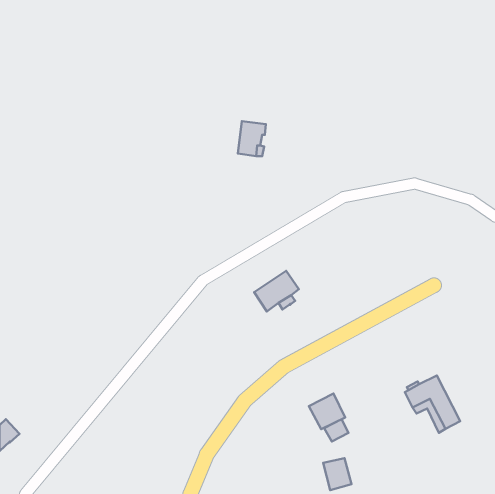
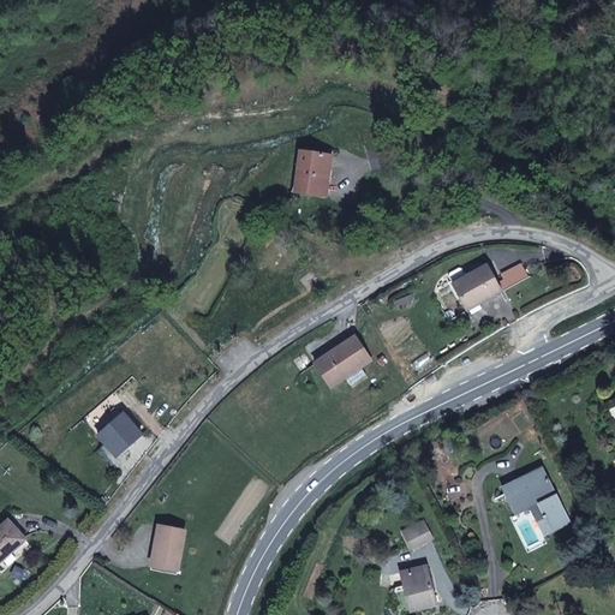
building: none -> [448,262,527,309]
building: none -> [97,412,141,455]
building: [309,394,345,429] -> none
building: none -> [153,524,184,568]

